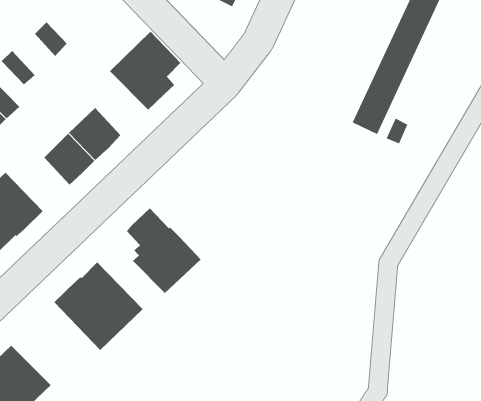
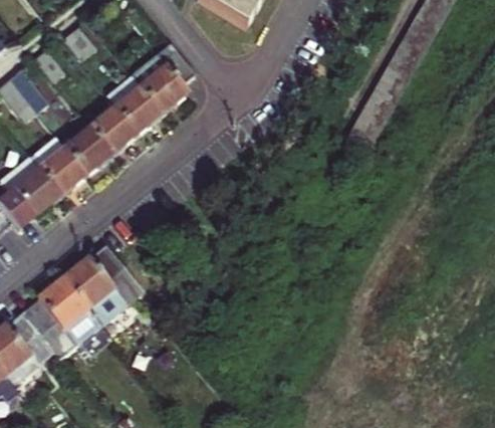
building: none -> [104,75,162,134]
building: none -> [29,137,85,196]
building: [126,207,201,294] -> none
building: none -> [21,278,100,360]

